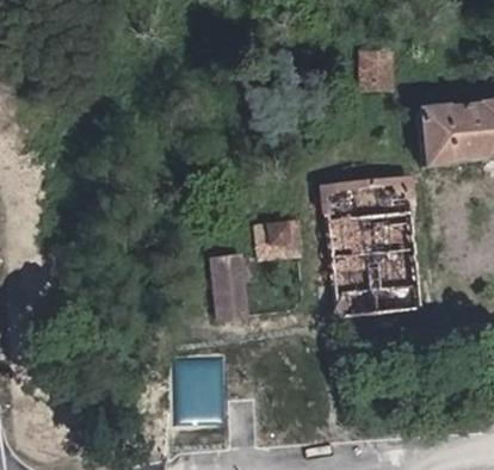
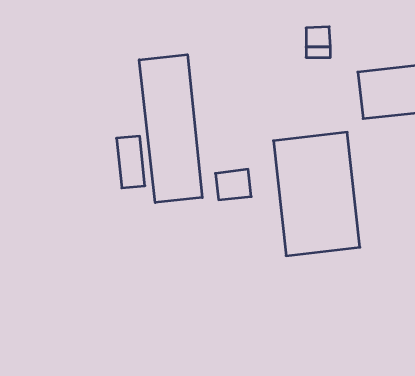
building: none -> [139,55,202,203]
building: [215,255,247,314] -> [116,136,145,188]

